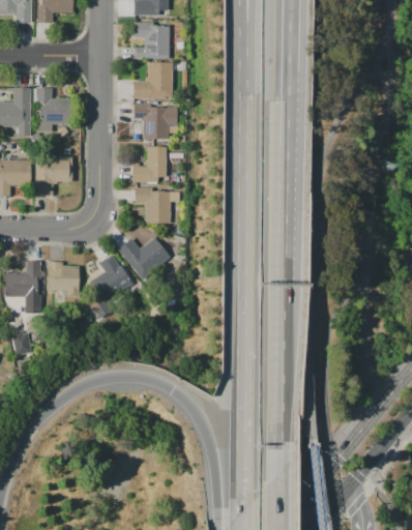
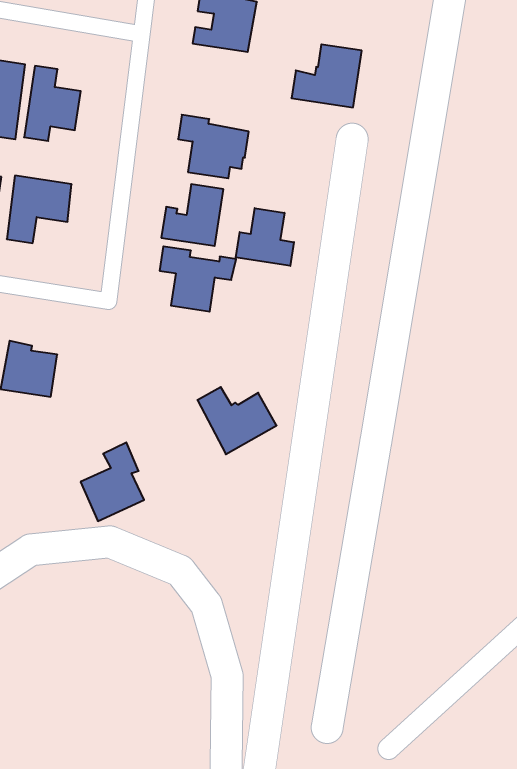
building: [134,62,173,98] -> [291,44,362,107]
building: none -> [236,208,294,266]
building: [118,237,170,278] -> [197,387,277,454]
building: [88,254,129,305] -> [81,442,144,521]

